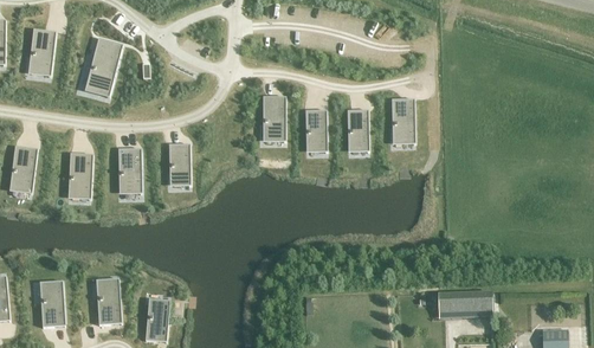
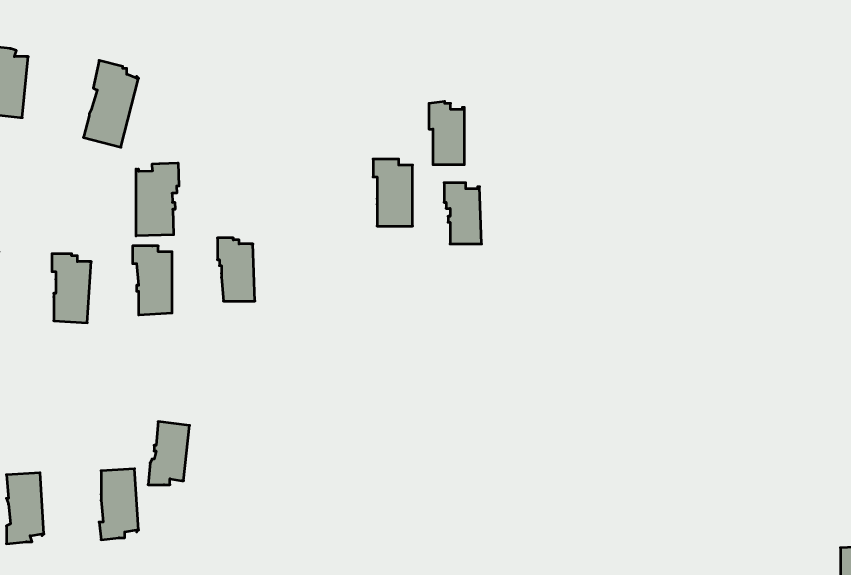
building: none -> [136,163,179,236]
building: [390,101,414,142] -> none
building: [347,111,368,149] -> [429,101,464,165]
building: [438,294,491,314] -> none
building: [144,304,169,342] -> [148,422,190,485]

